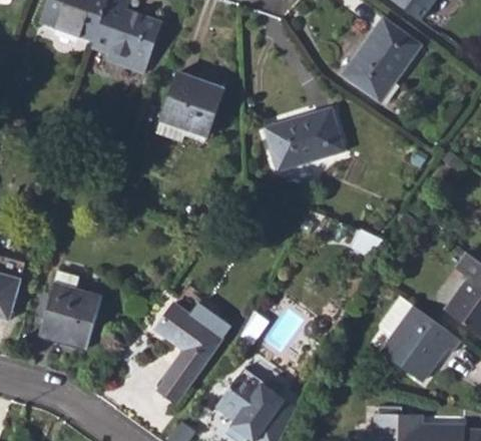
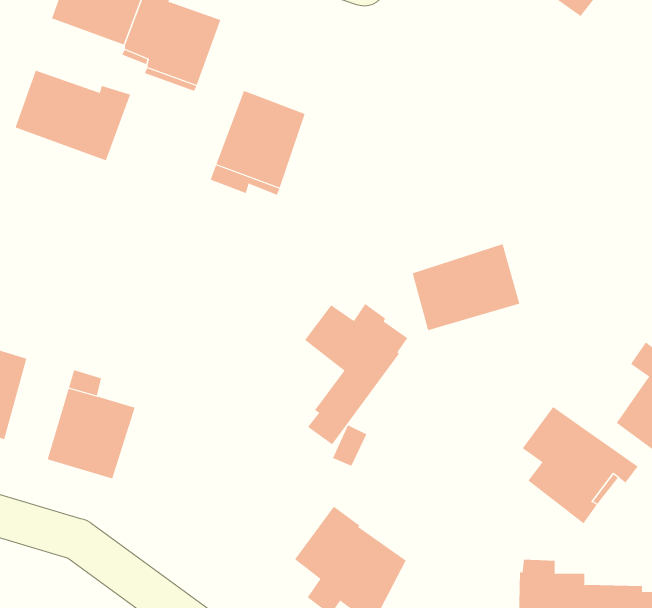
building: [341,16,420,100] -> none
building: none -> [15,70,131,161]
building: [266,106,343,168] -> [412,244,520,331]
building: [154,303,228,404] -> [304,303,408,445]

